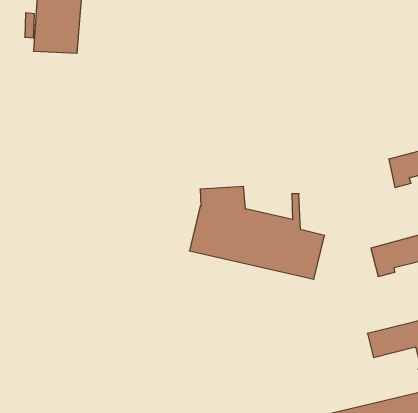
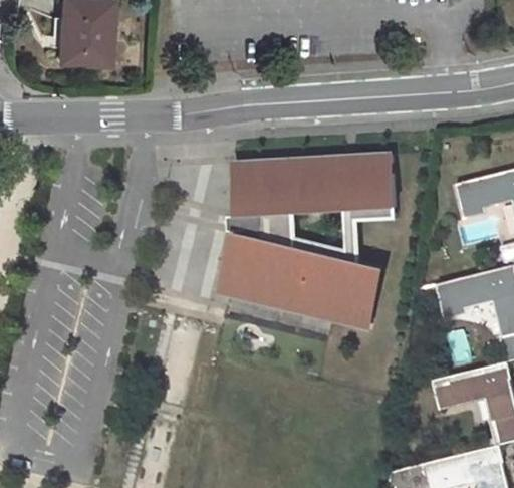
building: none -> [235,156,397,223]
building: none -> [225,236,372,329]

